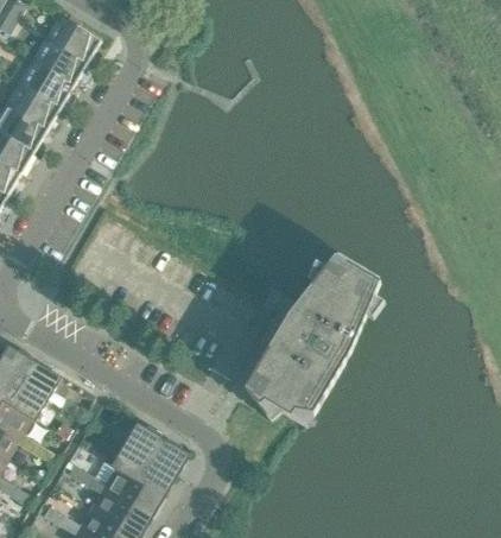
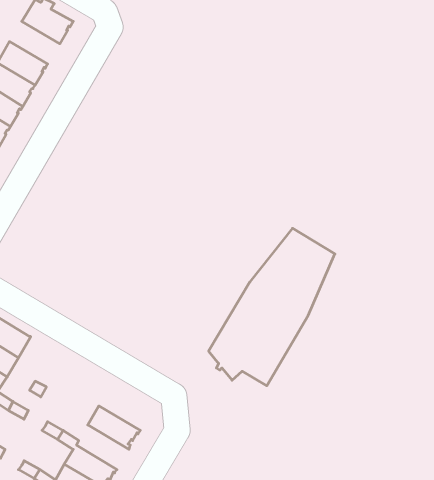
building: [32,38,85,83] -> none
building: [127,424,184,473] -> none
building: [103,467,159,514] -> none

